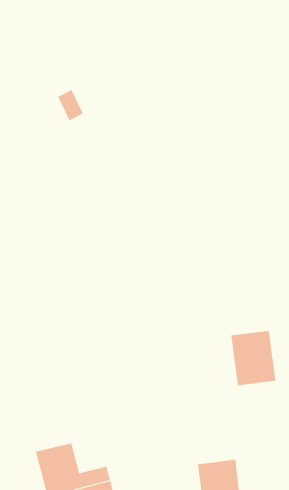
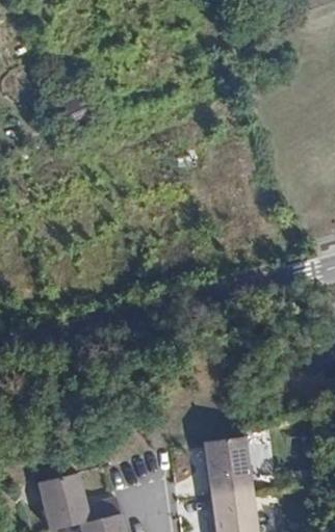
building: [231,330,276,386] -> [205,437,254,497]

